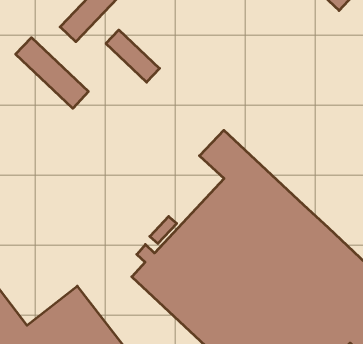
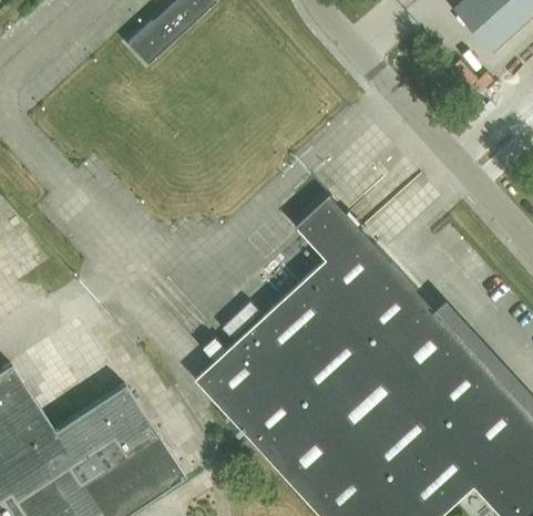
building: [106,30,160,82] -> none
building: [16,38,88,108] -> none

